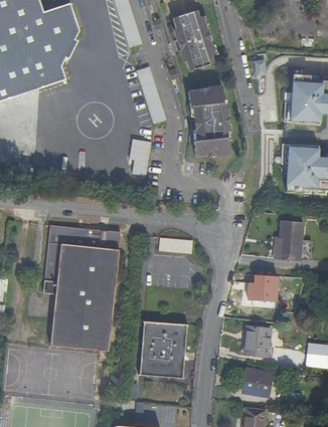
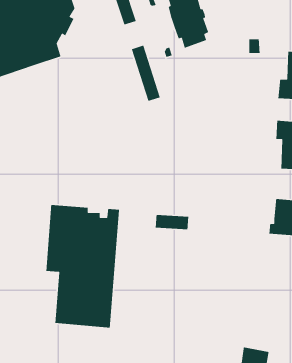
building: [187,85,229,157] -> none
building: [131,141,150,176] -> none
building: [248,273,277,300] -> none
building: [140,322,188,378] -> none
building: [245,328,272,357] -> none

